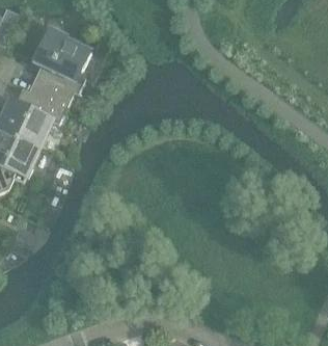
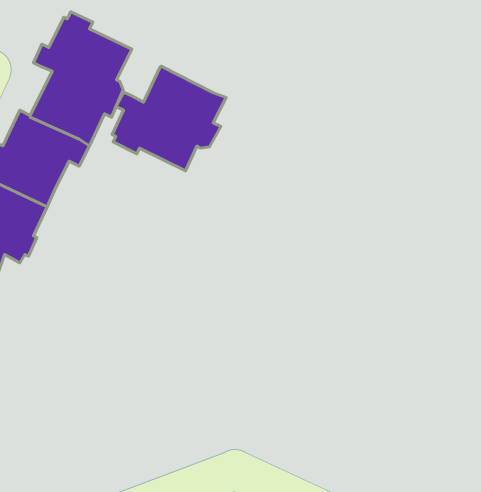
building: none -> [112,66,226,171]

